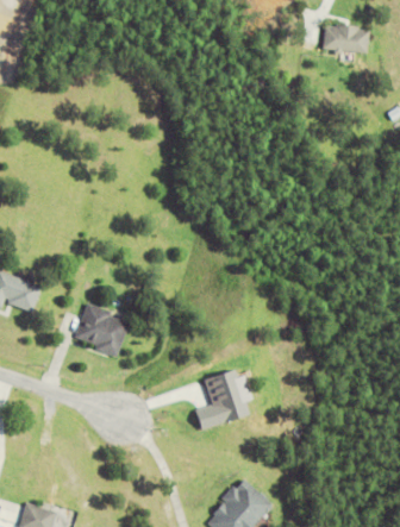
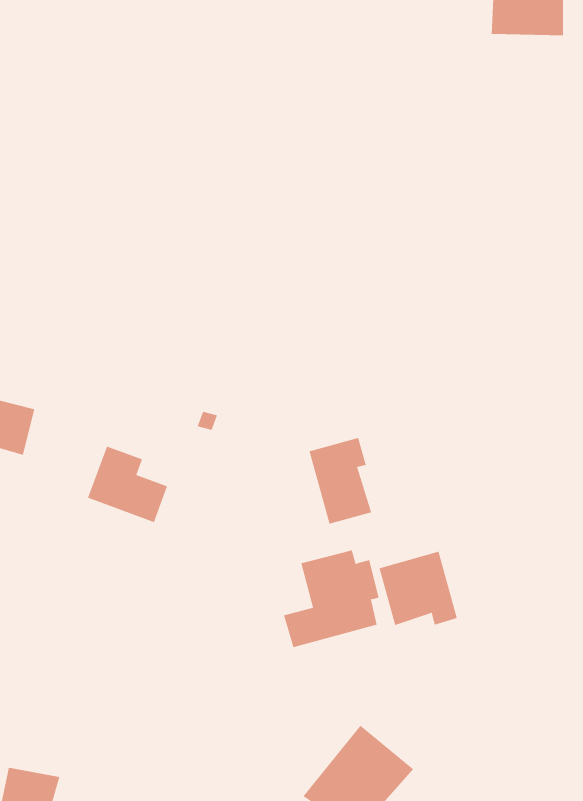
building: none -> [309,437,372,524]
building: none -> [379,551,457,626]

